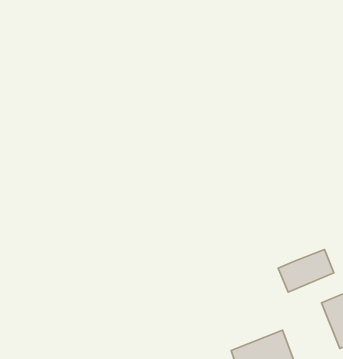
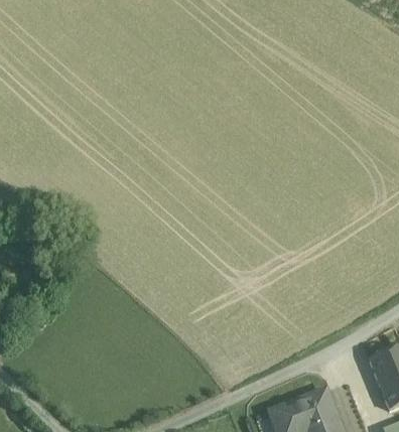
building: [278,250,334,292] -> none

